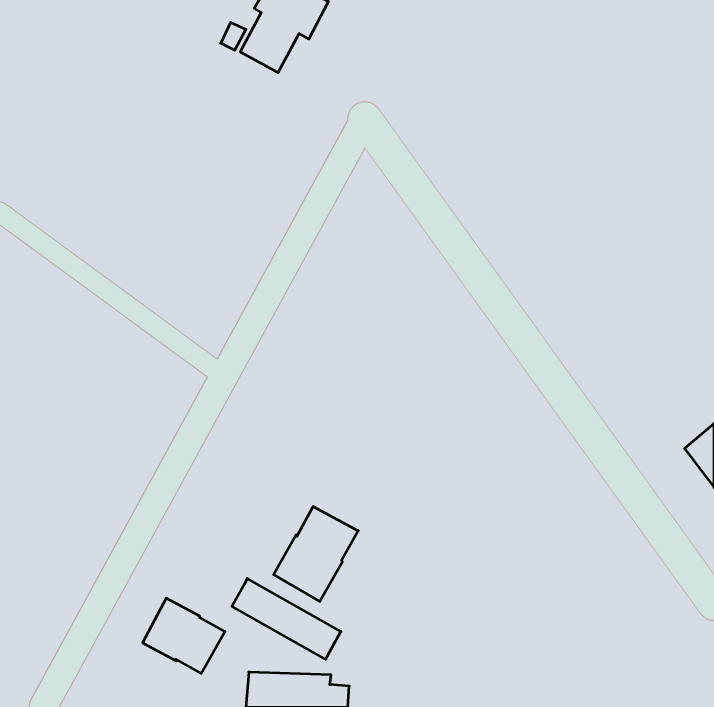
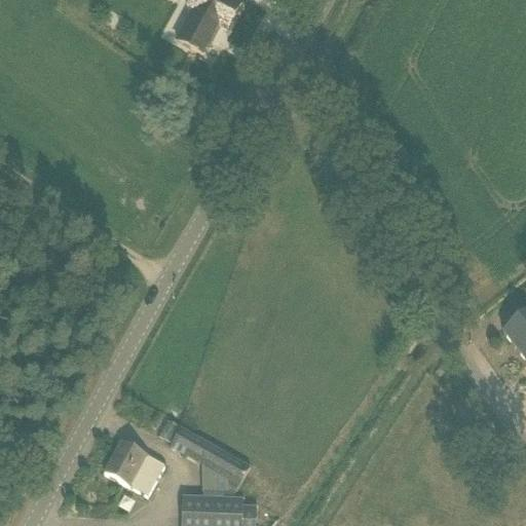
building: [274,506,358,601] -> none

